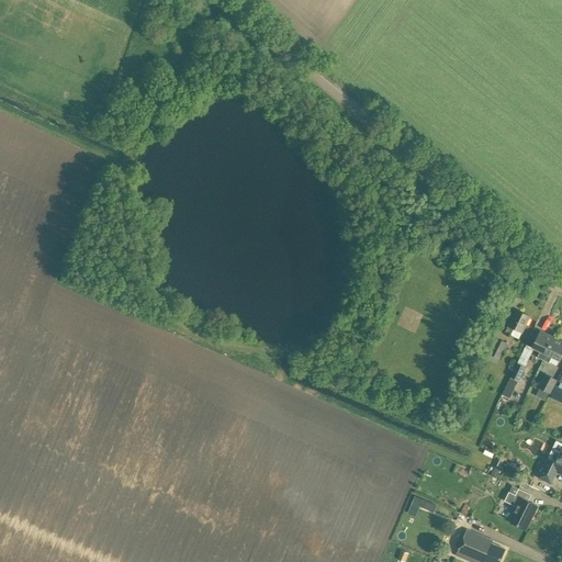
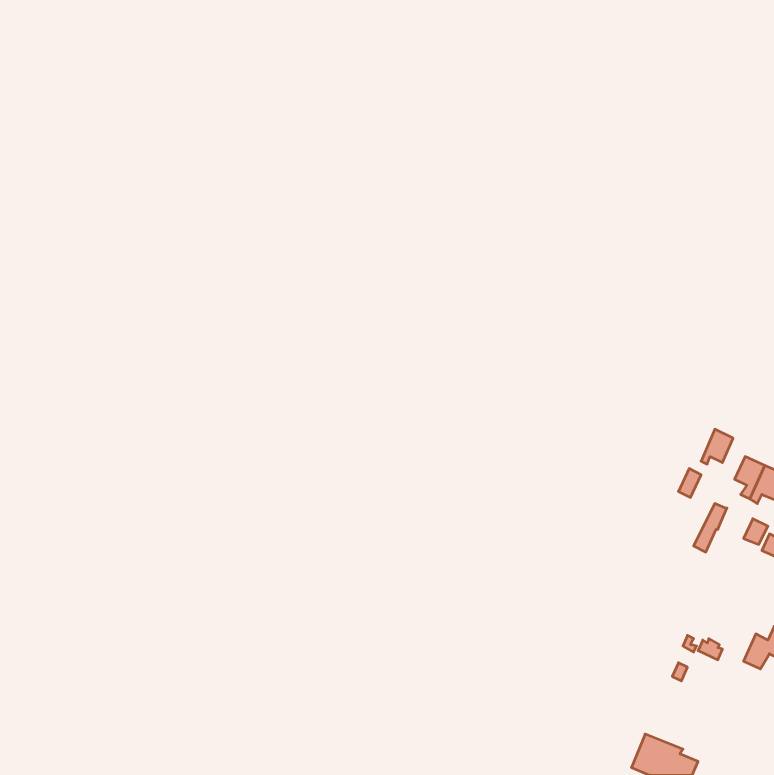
building: [506,486,539,531] -> none

